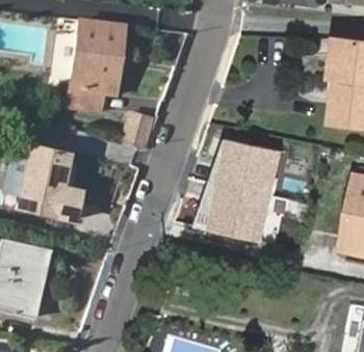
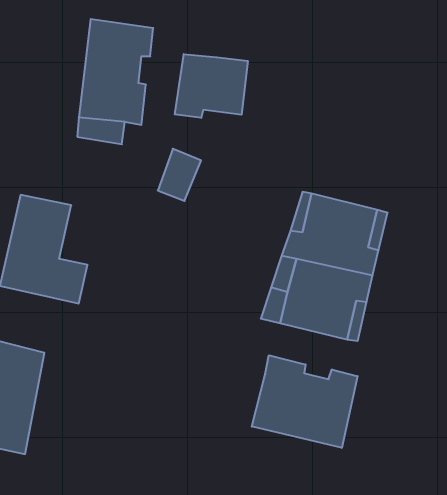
building: none -> [175,54,248,118]
building: none -> [252,355,358,448]

